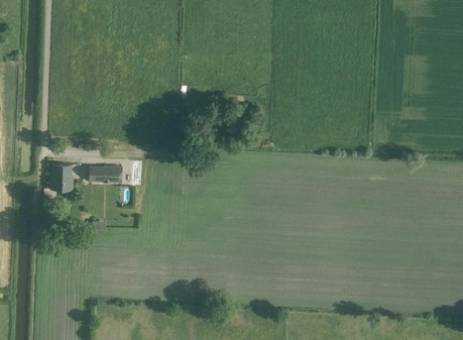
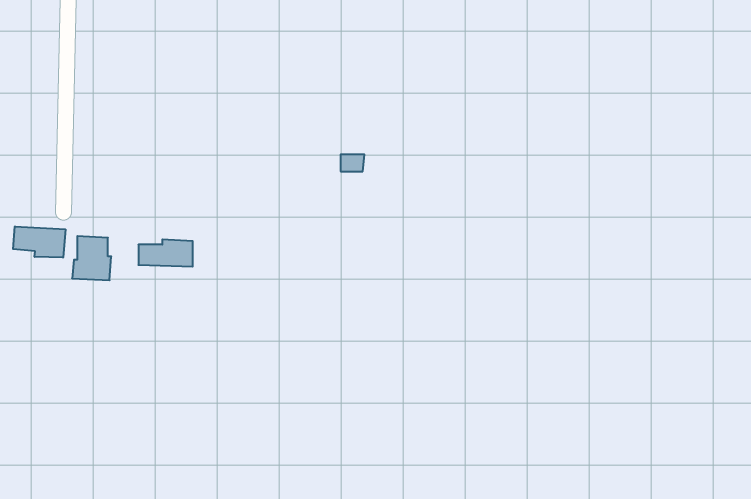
building: none -> [13,226,65,258]

